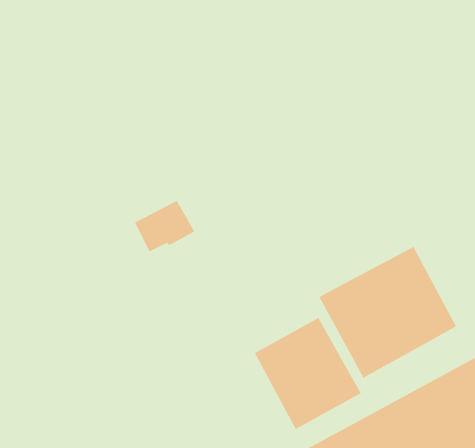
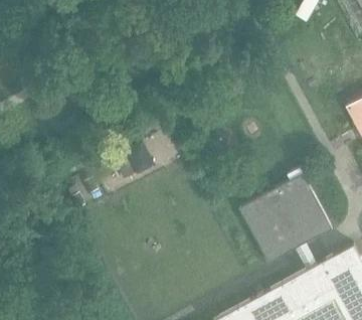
building: [254,317,362,430] -> none

